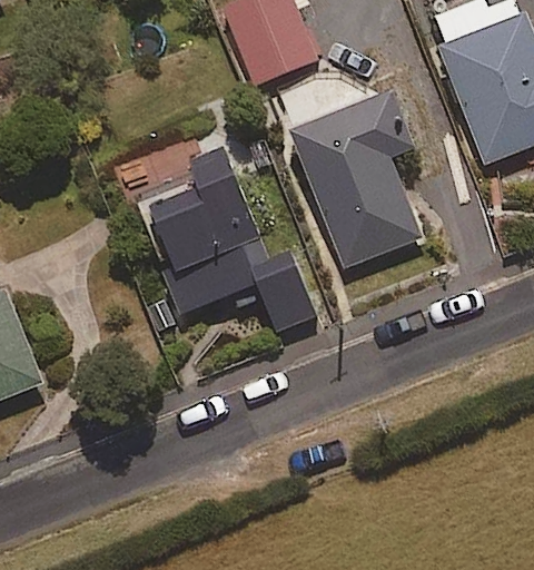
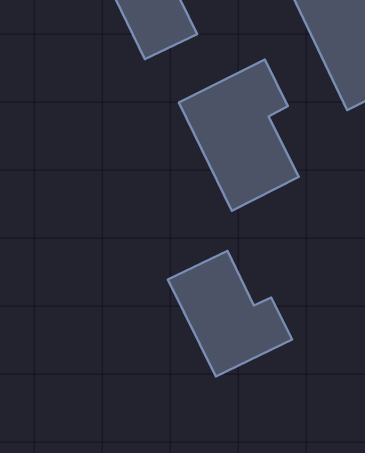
building: [136,160,315,331] -> none
building: none -> [168,251,292,376]

